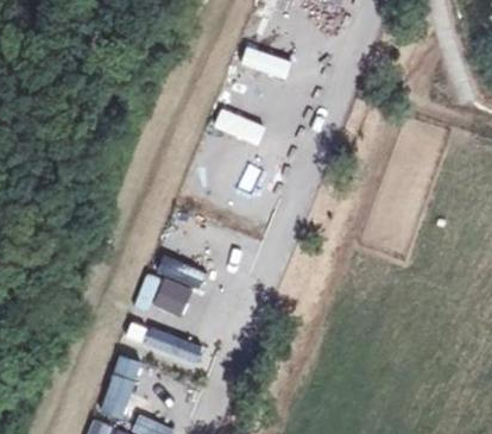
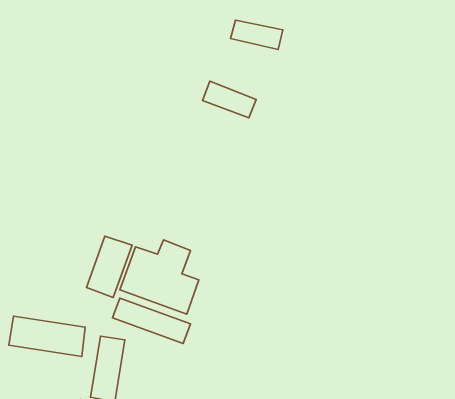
building: none -> [87,236,132,298]
building: none -> [9,316,85,357]

